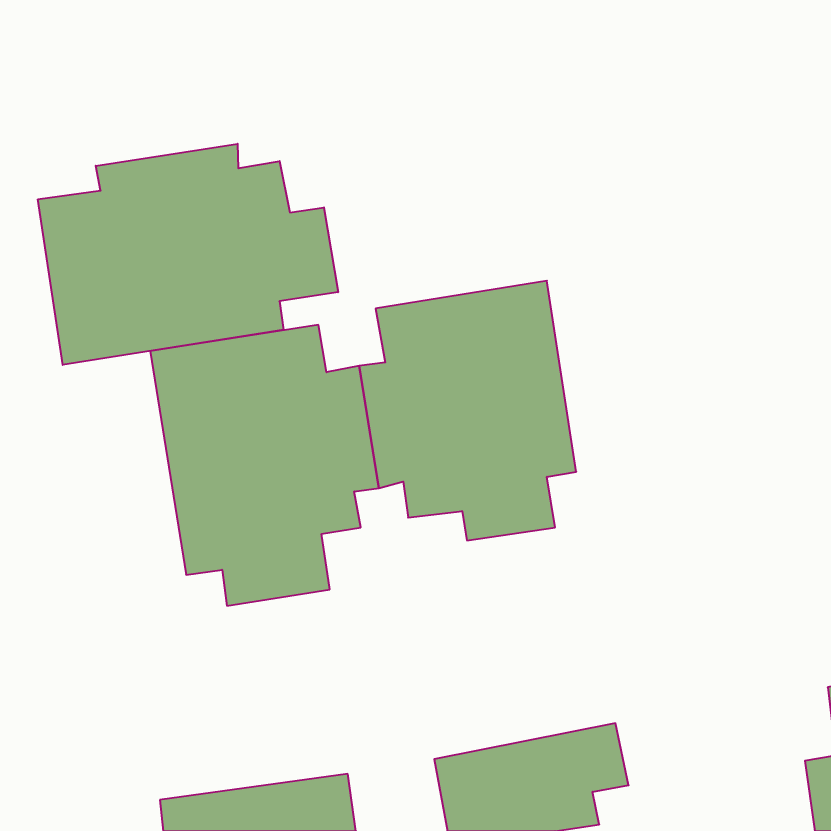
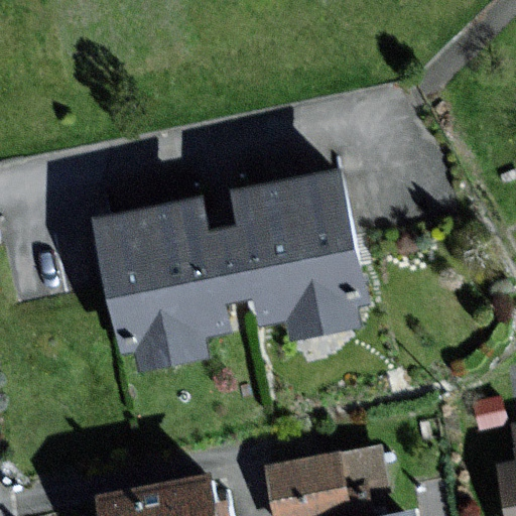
building: [38,144,338,365] -> none

